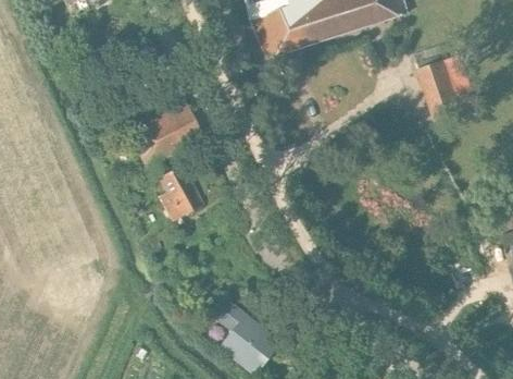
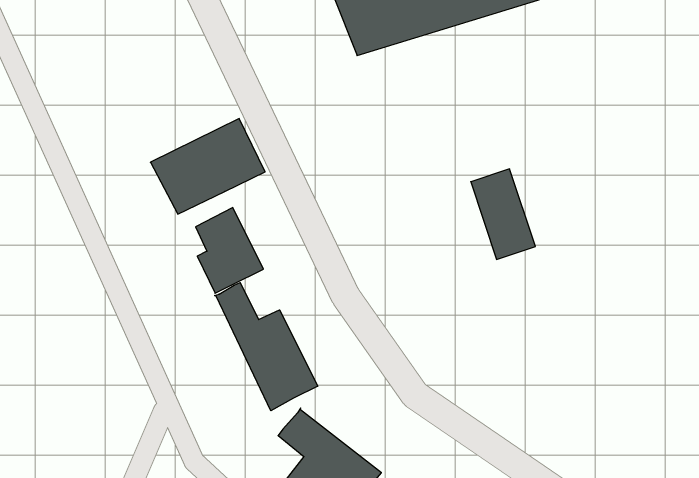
building: [418,58,462,119] -> [471,169,535,259]
building: none -> [215,283,318,411]

